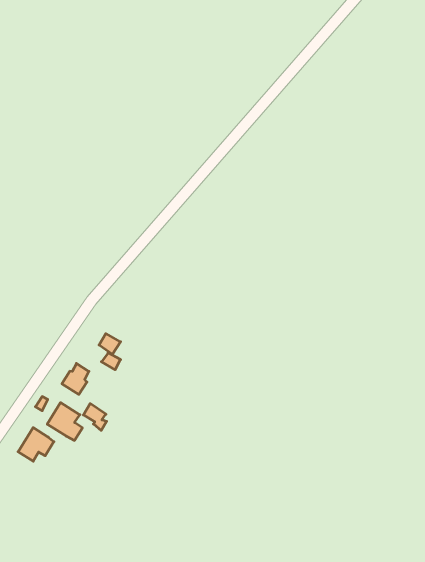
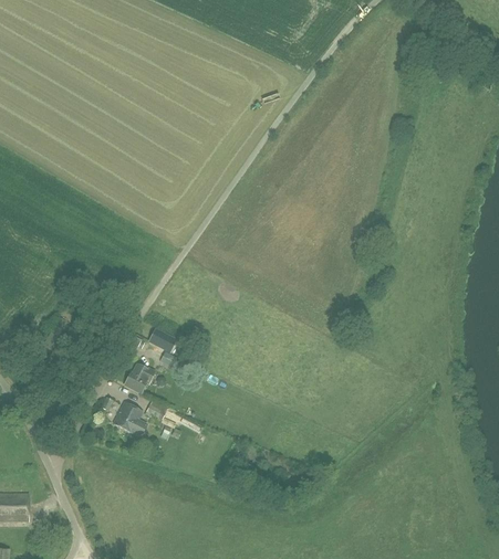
building: [18,428,54,461] -> none

